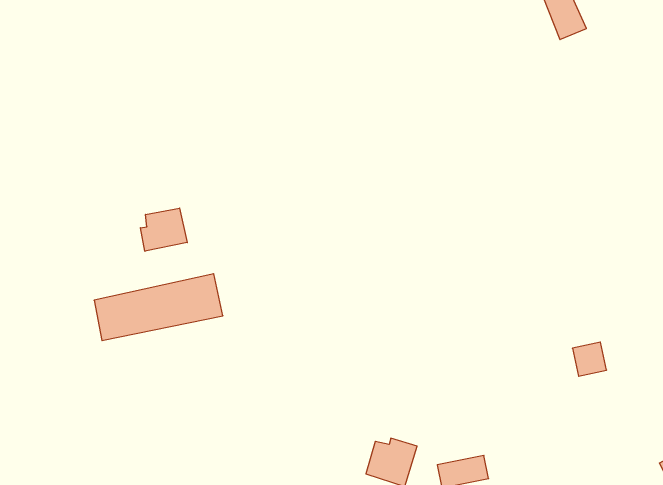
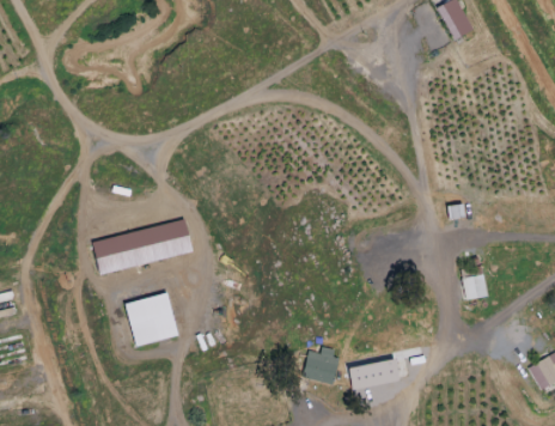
building: [140,208,187,251] -> none
building: none -> [126,292,178,346]

